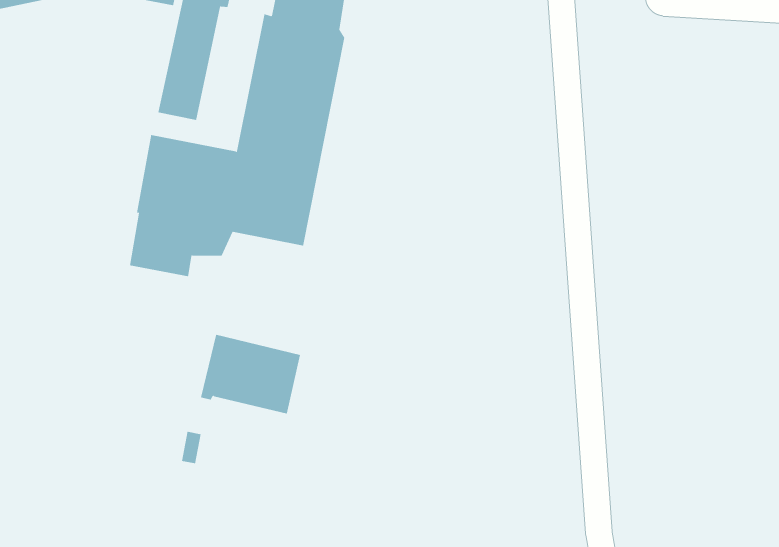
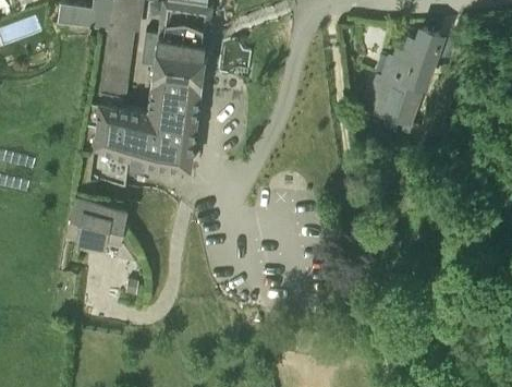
building: none -> [364,27,440,125]
building: [200,334,301,414] -> [70,201,126,244]

